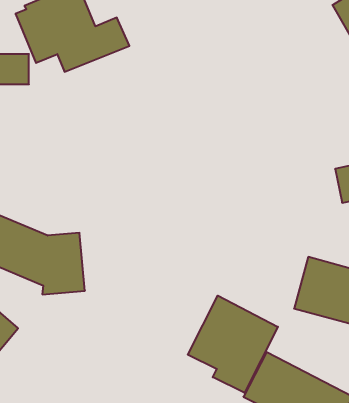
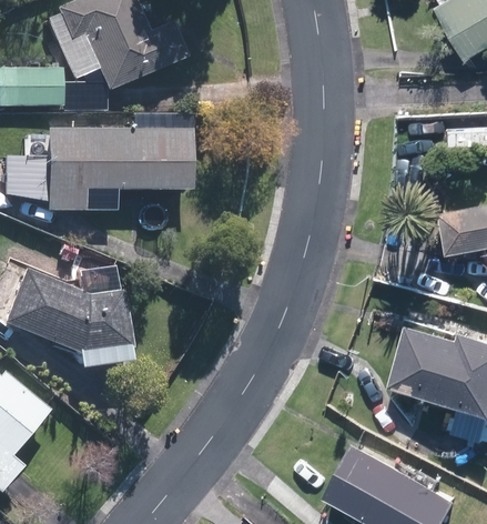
building: none -> [39,115,184,214]
building: [188,296,278,393] -> none

